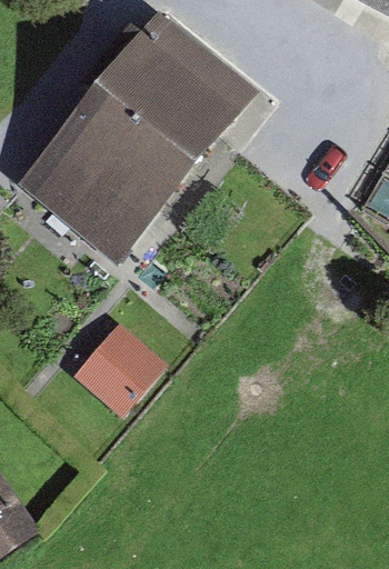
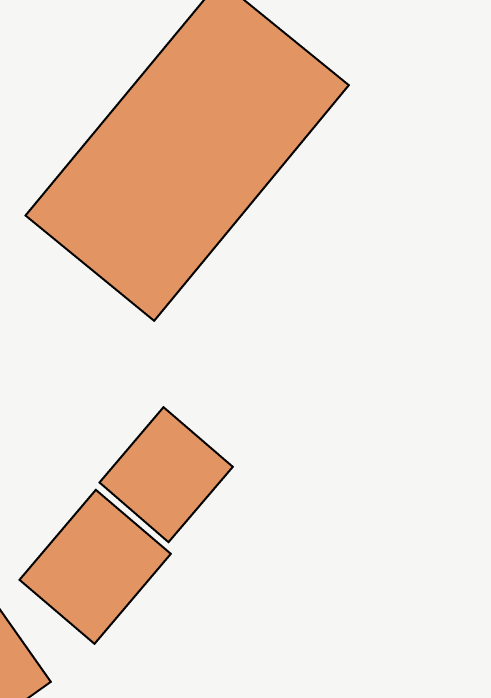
building: none -> [20,490,171,644]

